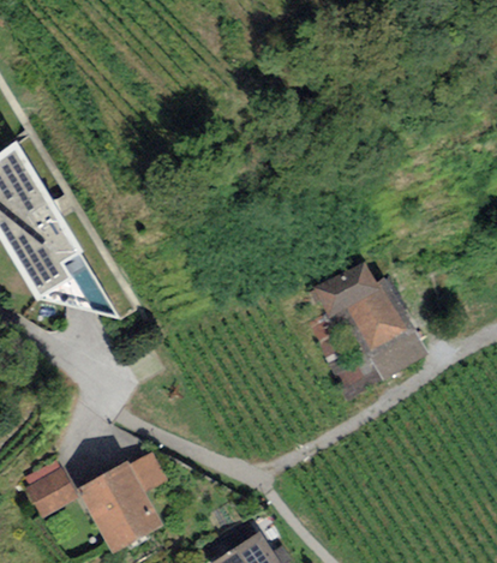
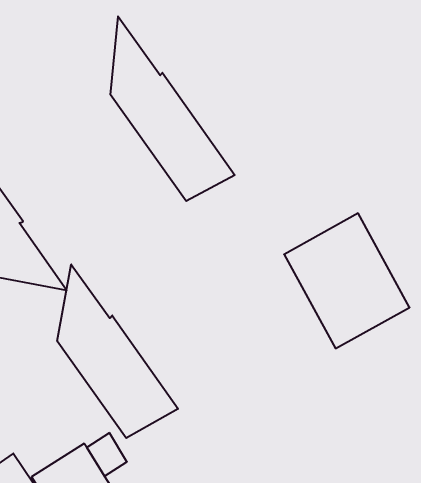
building: none -> [111,16,235,201]
building: none -> [57,264,178,438]

